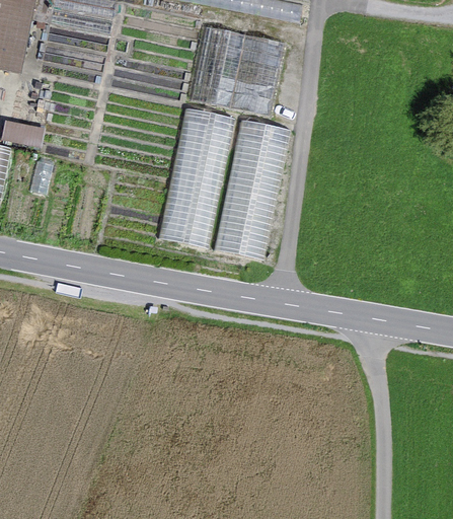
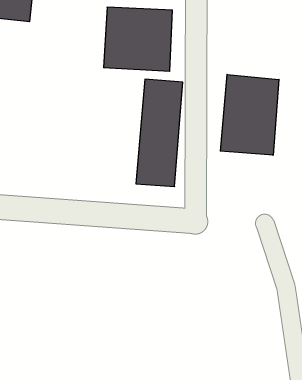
building: [159,106,232,243] -> none
building: none -> [220,74,279,155]

